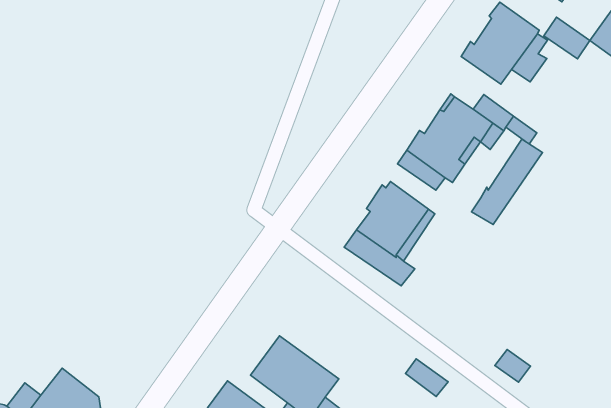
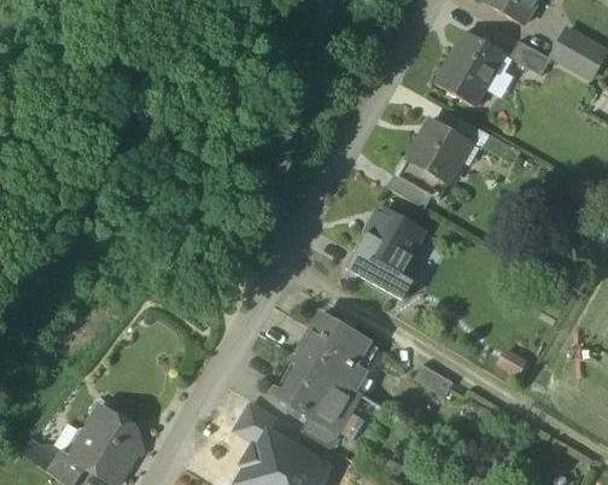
building: [471,139,542,224] -> none
building: none -> [296,314,388,396]

